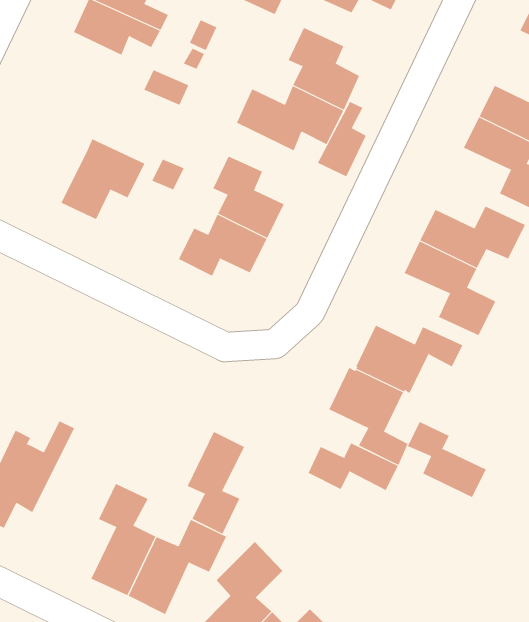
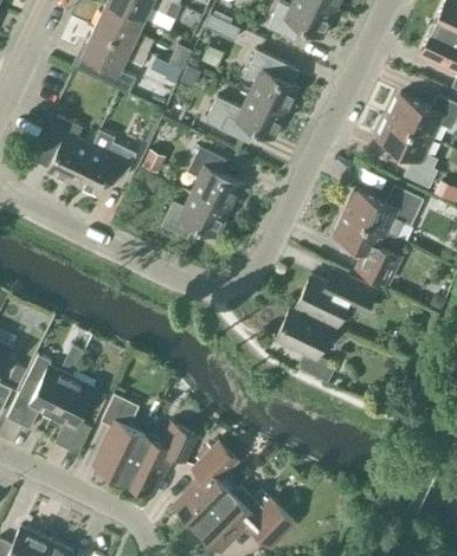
building: [317,101,367,177] -> none
building: none -> [44,116,91,183]
building: [407,421,486,498] -> none
building: [187,431,245,535] -> [51,376,95,454]
building: [308,443,398,491] -> none

